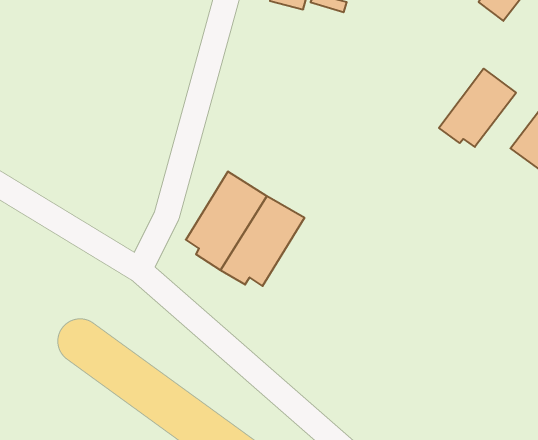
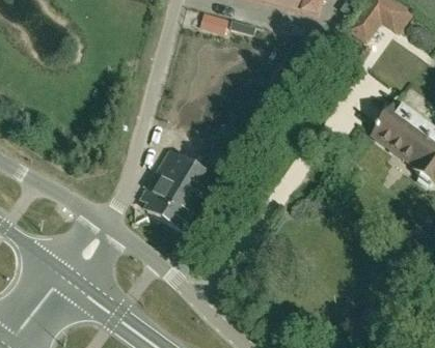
building: [439,69,516,147] -> none

